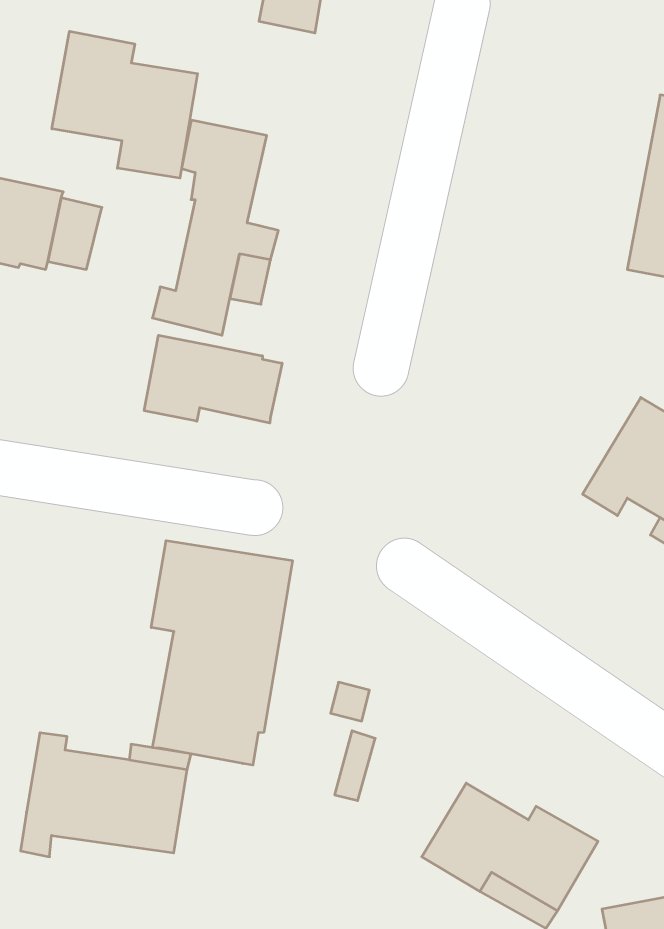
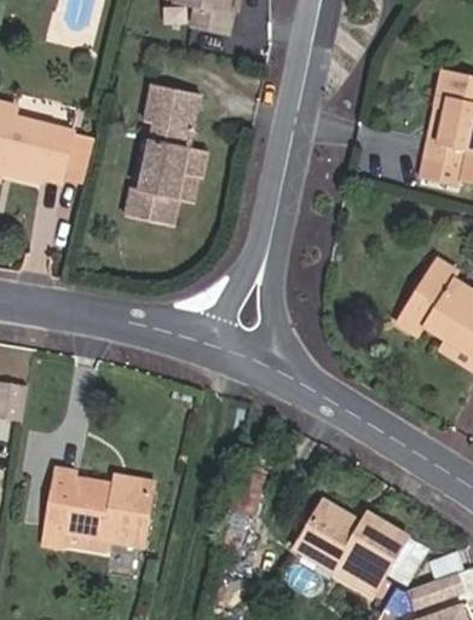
building: [52,31,198,178] -> none
building: [144,335,282,423] -> none
building: [151,541,292,765] -> none

